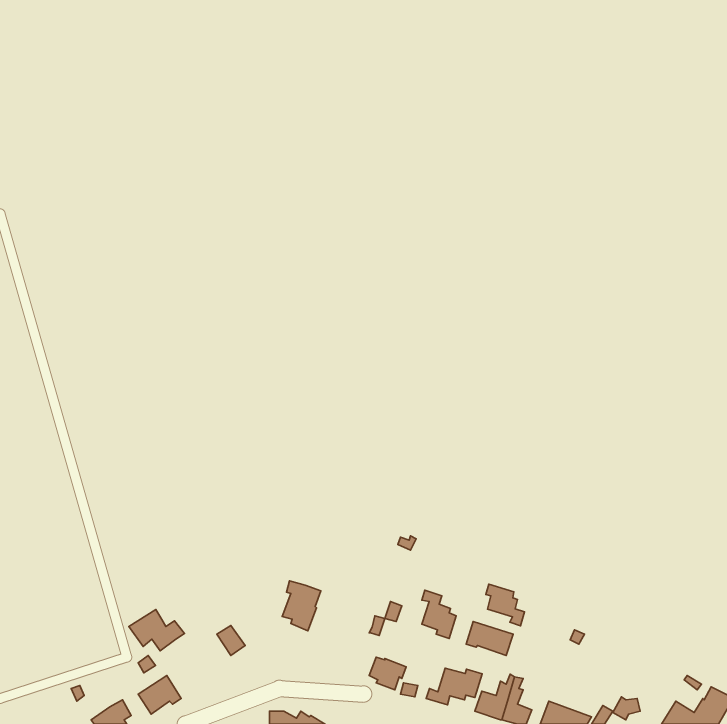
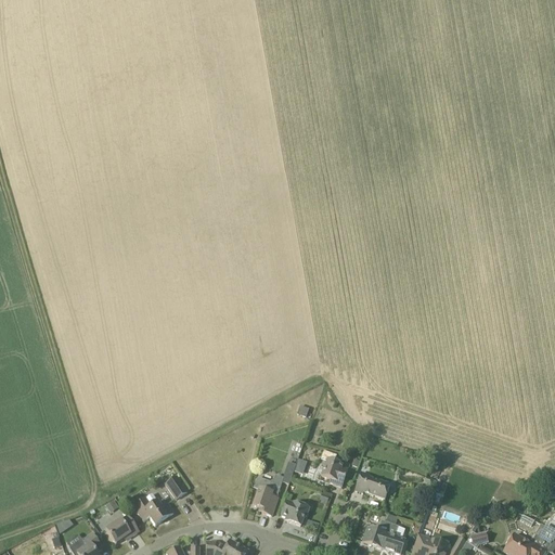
building: [282,581,321,631] -> [253,477,282,515]
building: [486,584,525,626] -> none
building: [129,609,184,651] -> [132,493,175,525]
building: [426,668,482,705] -> none

